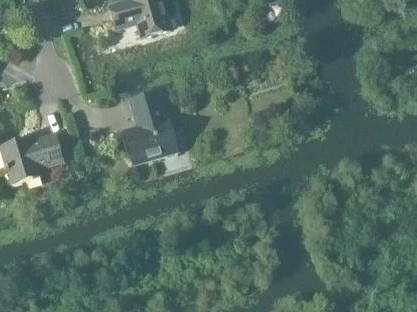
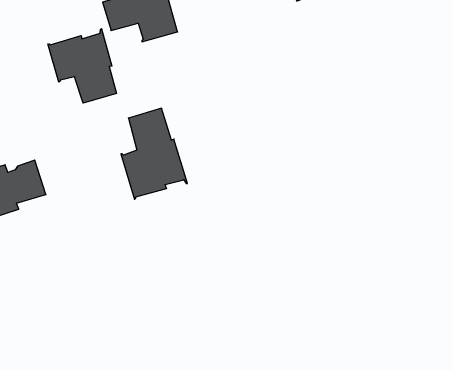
building: none -> [48,29,117,103]

